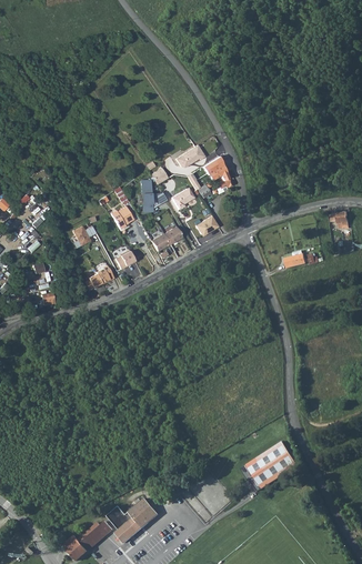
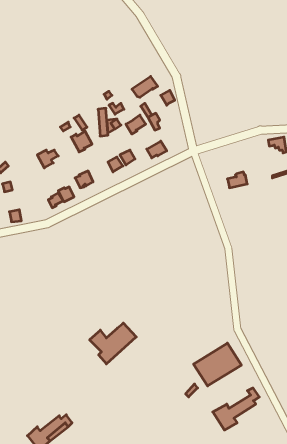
building: none -> [213,388,259,430]
building: [104,497,157,543] -> [90,323,136,364]

